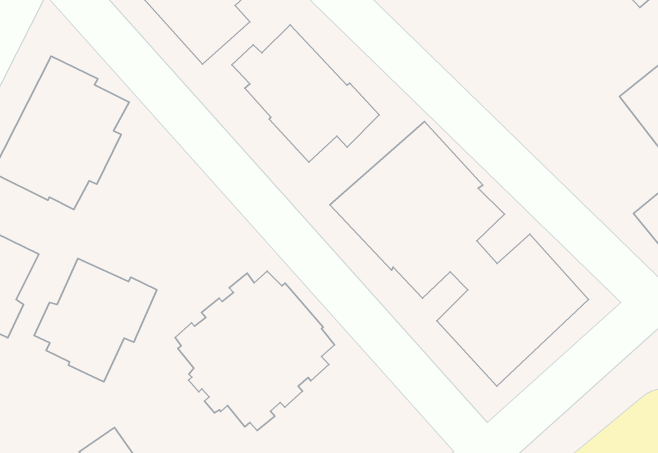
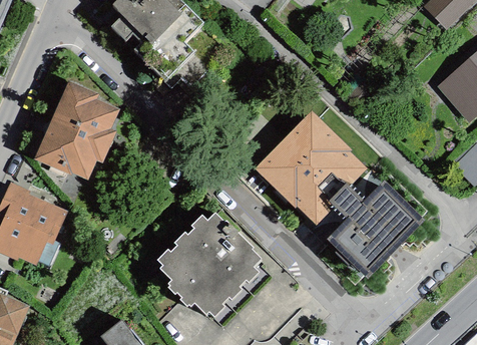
building: [232,25,379,162] -> none
building: [34,258,157,382] -> none

